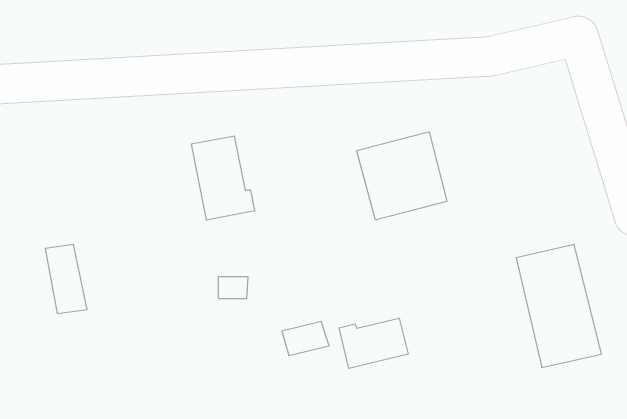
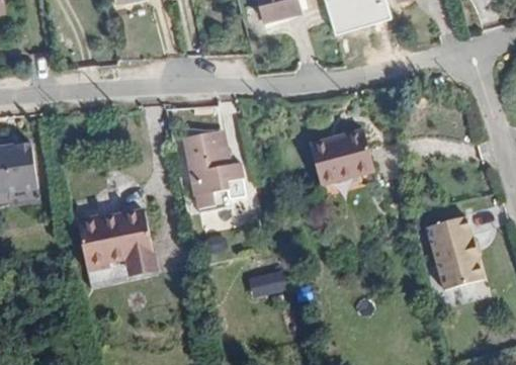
building: none -> [97,210,154,272]
building: [339,318,408,369] -> none

